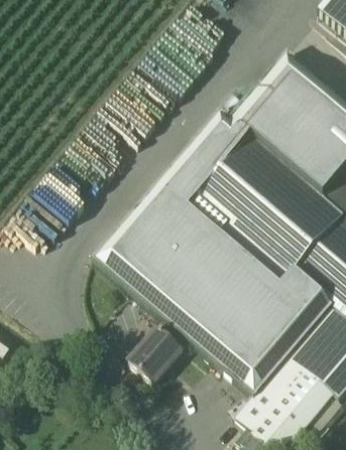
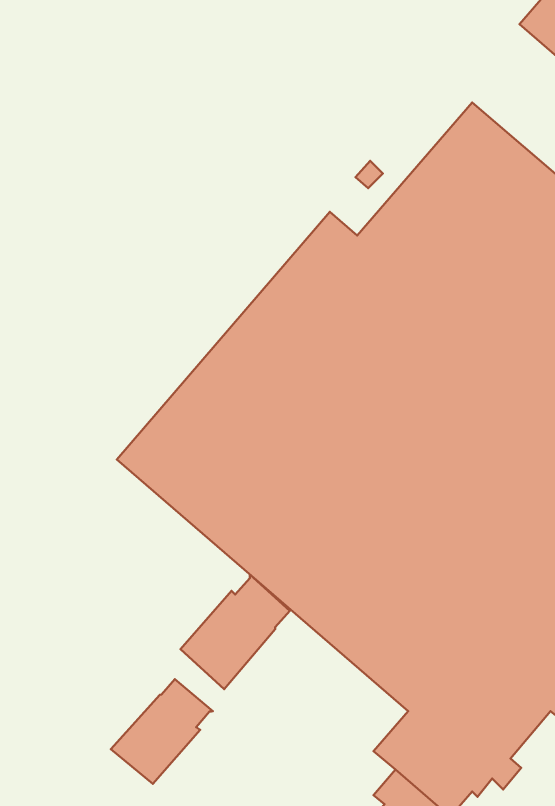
building: none -> [111,679,213,784]

